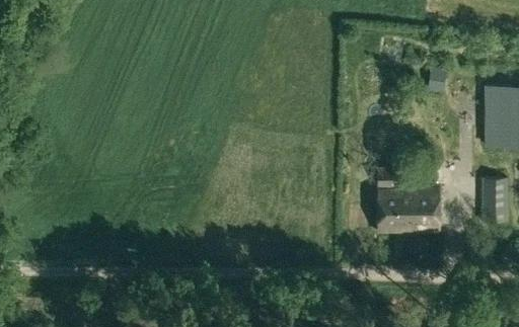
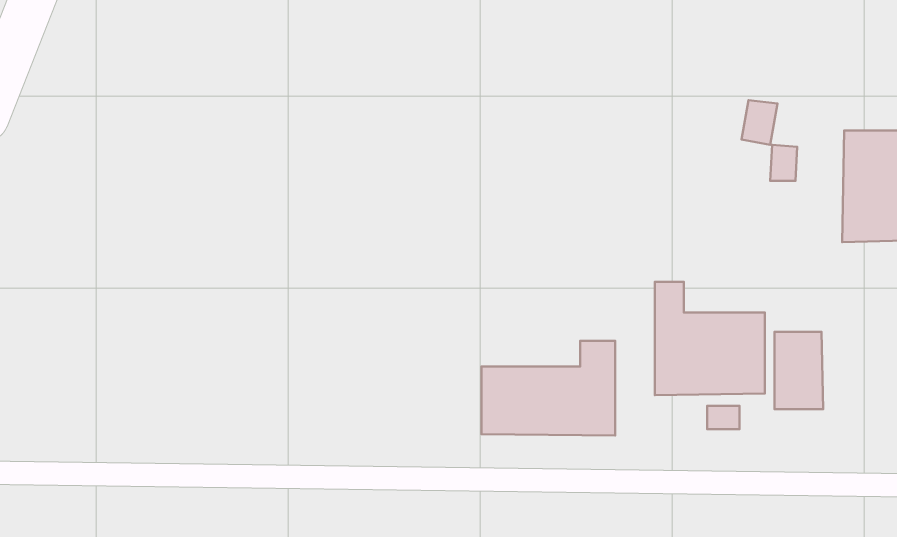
building: [481,179,509,223] -> [775,332,823,409]
building: none -> [482,341,615,436]

